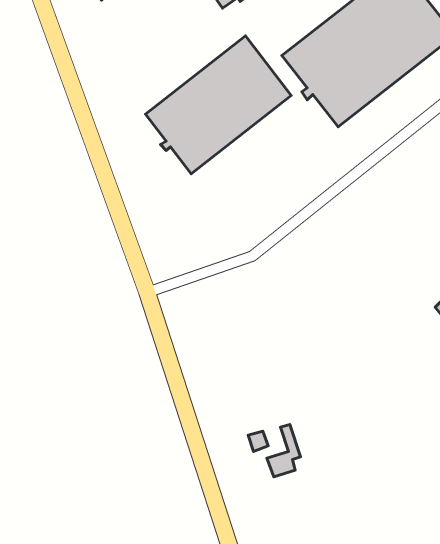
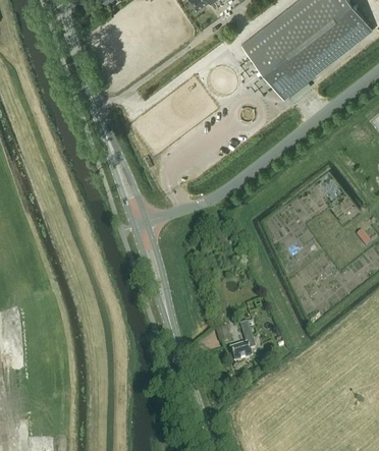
building: [145,36,291,174] -> none

